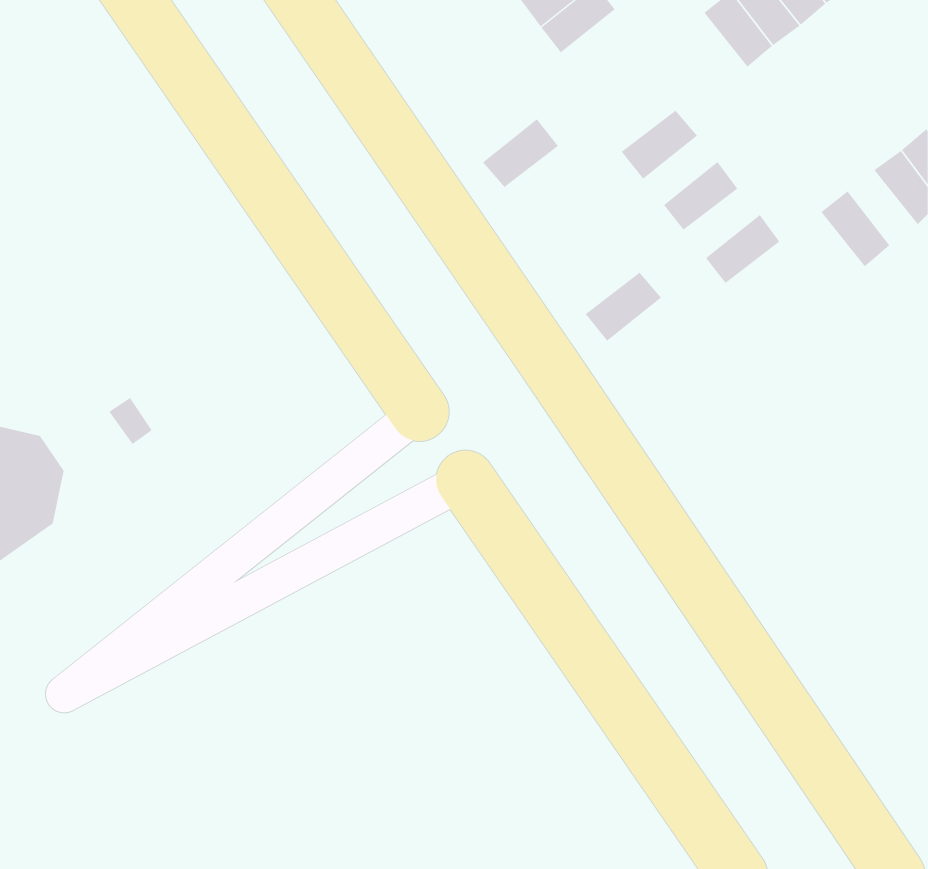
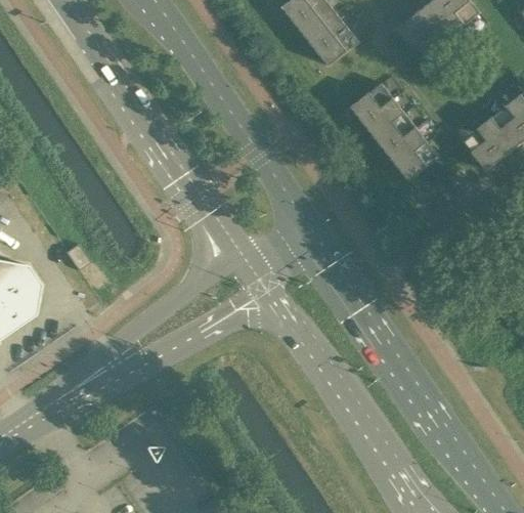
building: [482,118,559,188] -> [315,27,358,66]
building: none -> [361,97,403,136]
building: none -> [476,117,515,159]
building: [585,272,662,342] -> [384,127,427,166]

